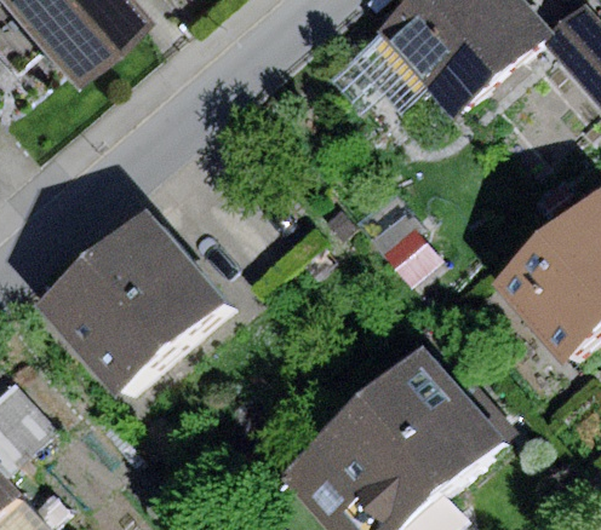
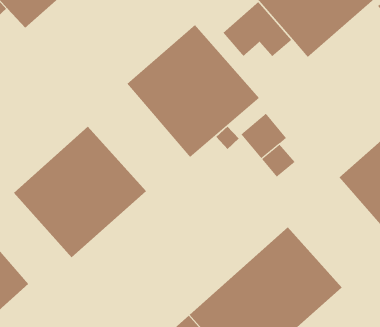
building: none -> [126,24,260,158]

